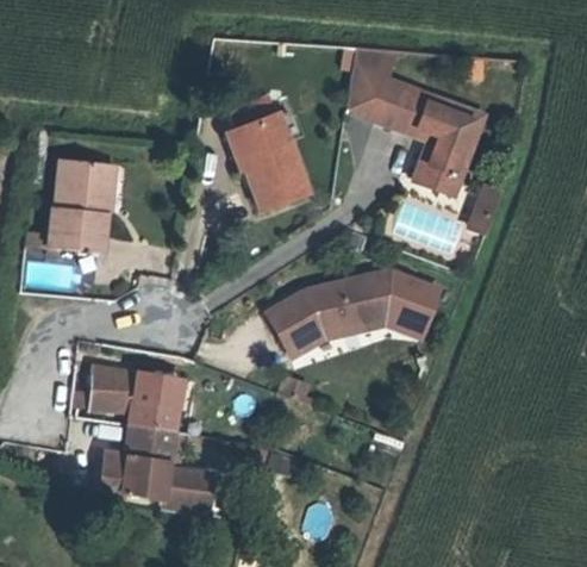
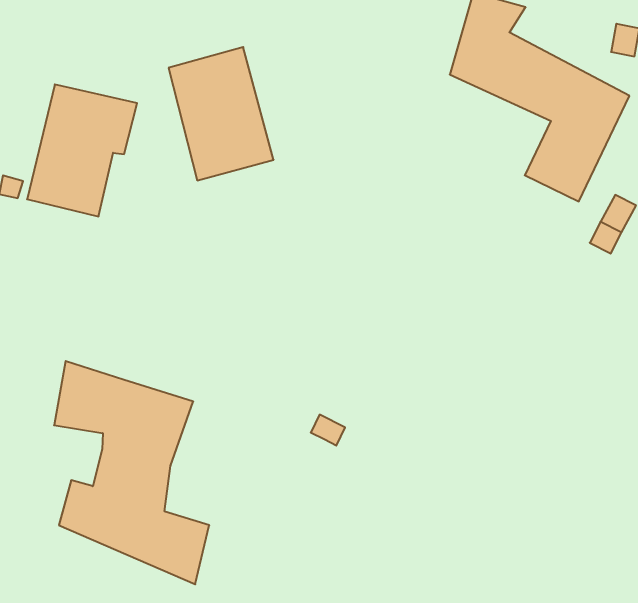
building: [225,111,312,214] -> [169,47,274,180]
building: [263,270,445,362] -> none

